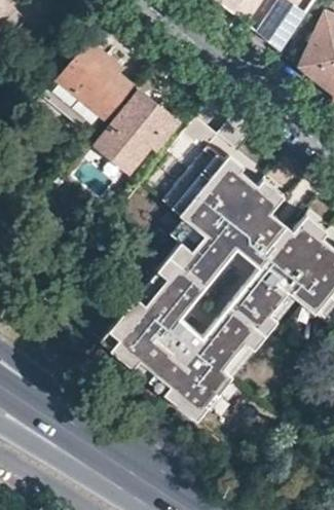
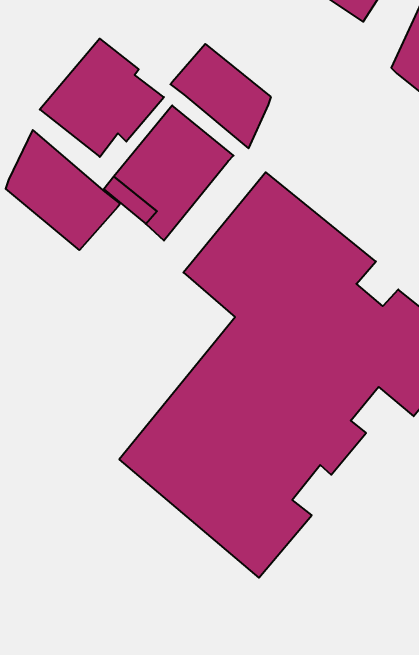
building: none -> [170,44,271,148]
building: none -> [6,130,120,250]

